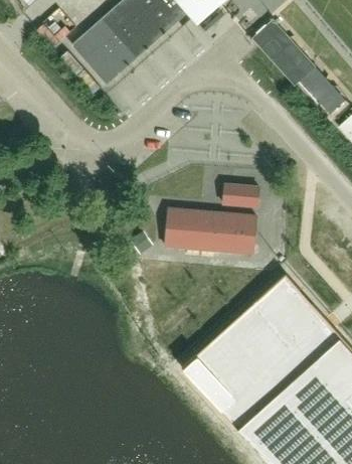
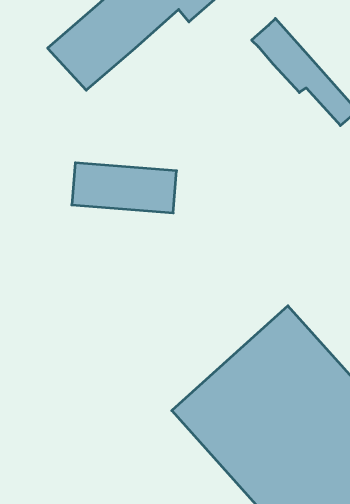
building: [223,184,258,206] -> none
building: [164,209,256,254] -> [72,163,177,213]

